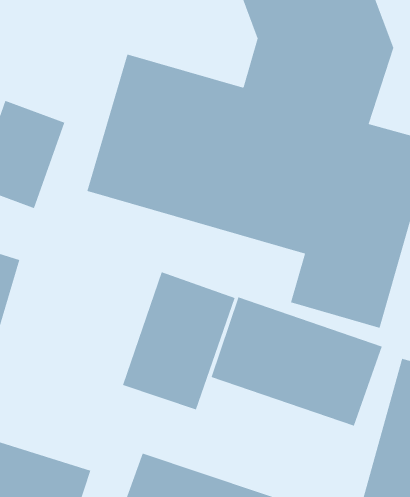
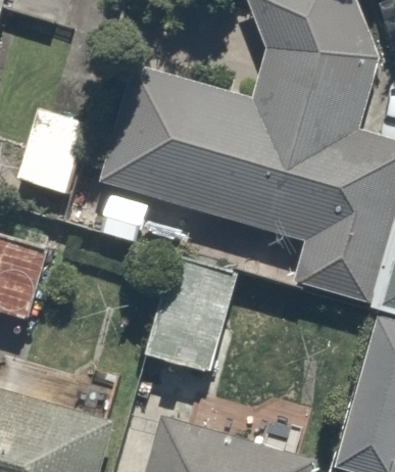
building: [211,297,383,426] -> none

